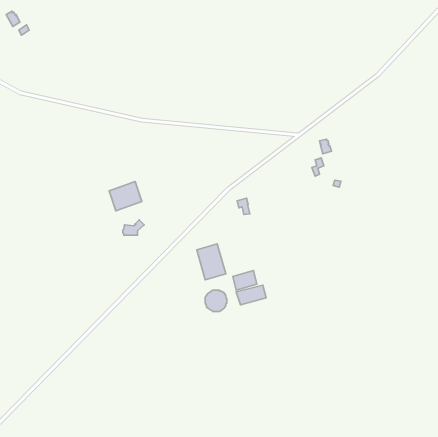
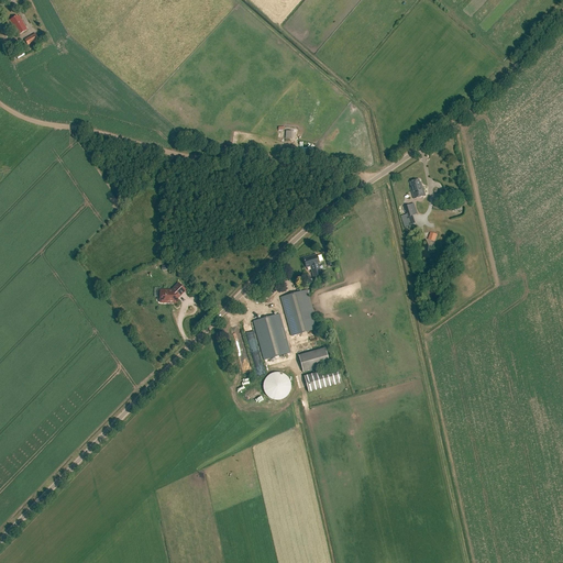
building: [109,182,142,211] -> none
building: none -> [279,288,317,334]

